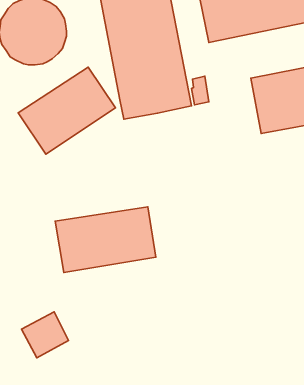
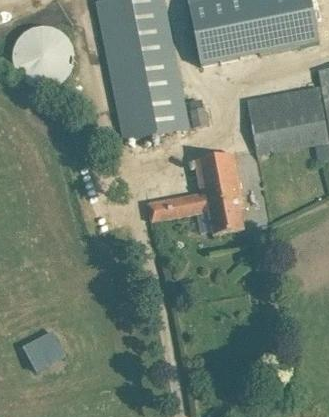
building: [18,67,115,154] -> none
building: none -> [147,151,243,234]
building: [55,207,156,273] -> none

